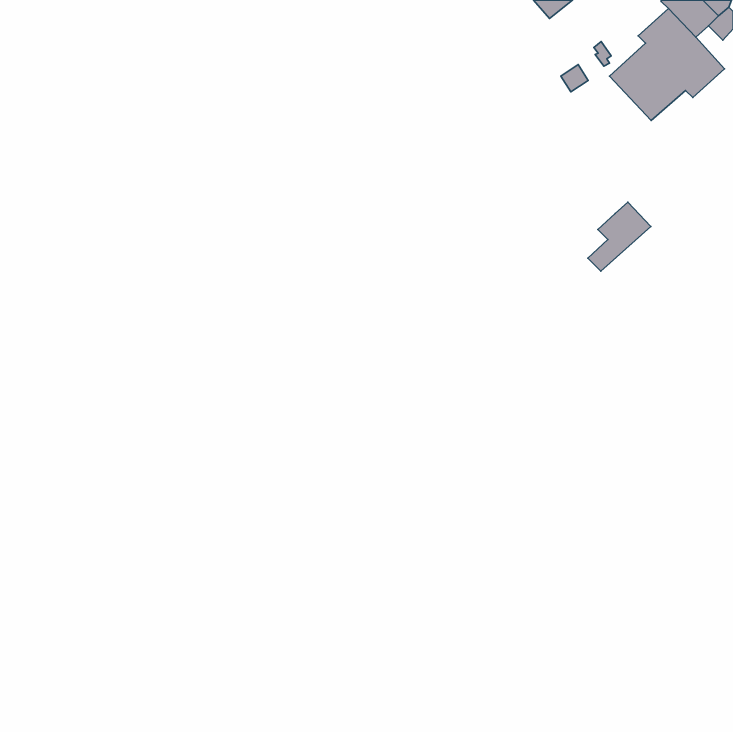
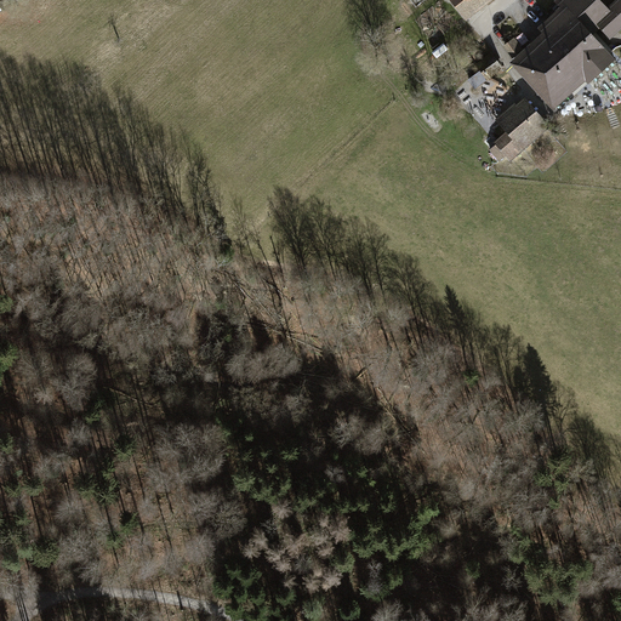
building: [588,202,651,271] -> [490,102,543,160]

